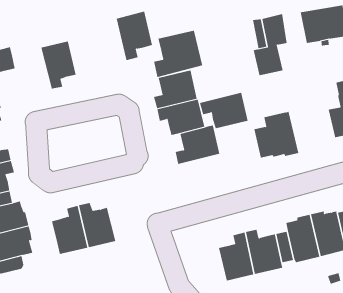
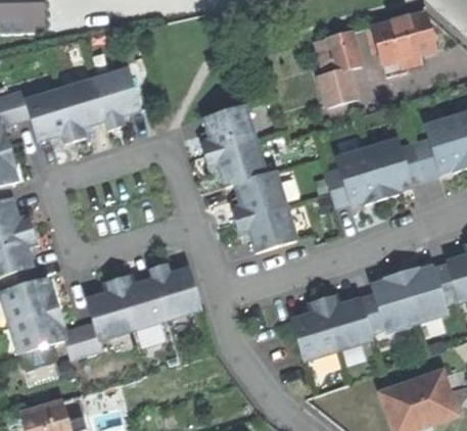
building: [116,11,153,61] -> [93,67,140,130]
building: [153,30,203,78] -> none
building: none -> [26,89,76,144]
building: [199,92,248,129] -> [235,204,296,251]
building: none -> [367,138,424,197]
building: none -> [150,264,201,319]
building: none -> [63,322,101,357]

